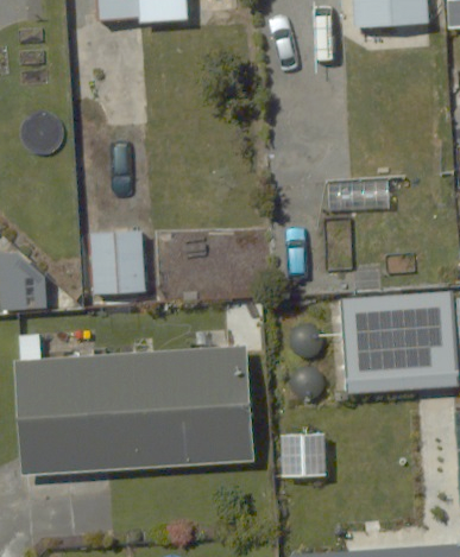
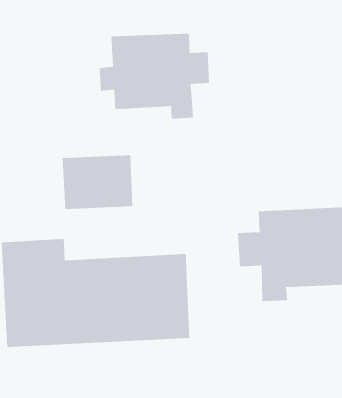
building: none -> [99,33,209,119]

